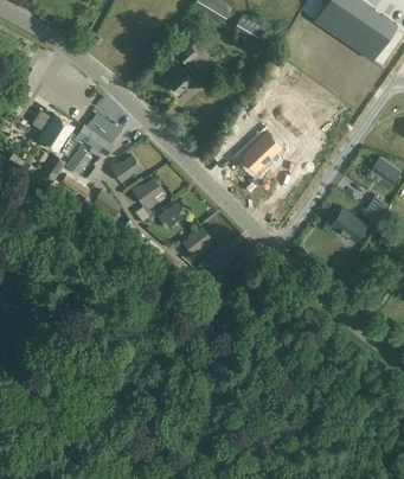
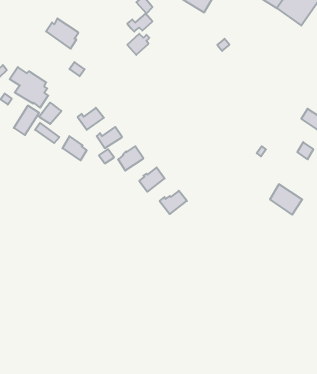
building: [77,121,115,157] -> [46,18,78,49]
building: [239,134,280,174] -> none
building: [331,207,368,243] -> [270,184,302,215]

